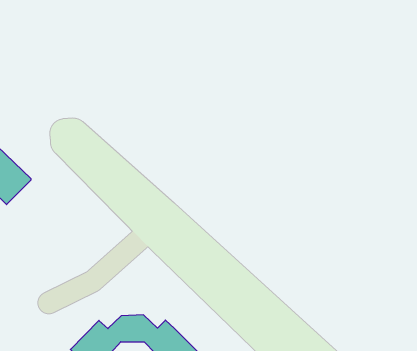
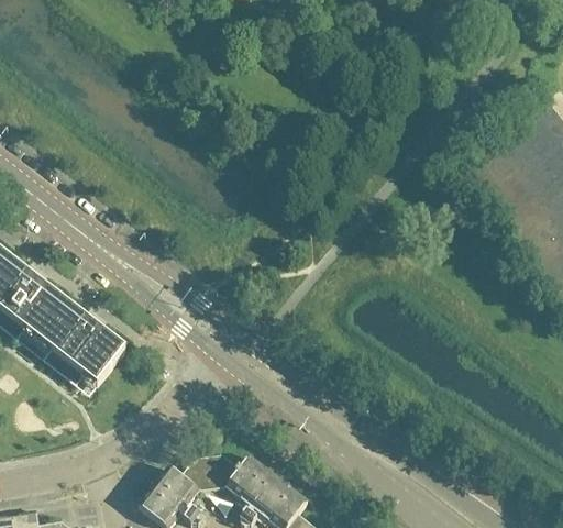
building: none -> [36,304,125,387]

